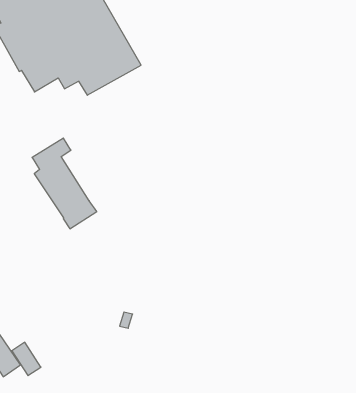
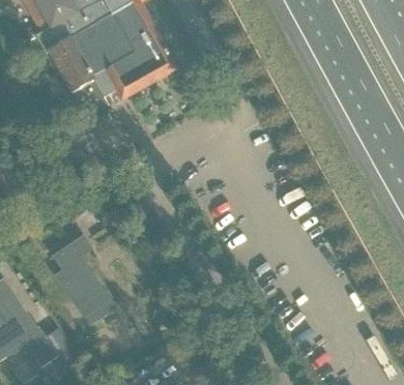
building: [32,138,97,229] -> [52,237,114,324]

